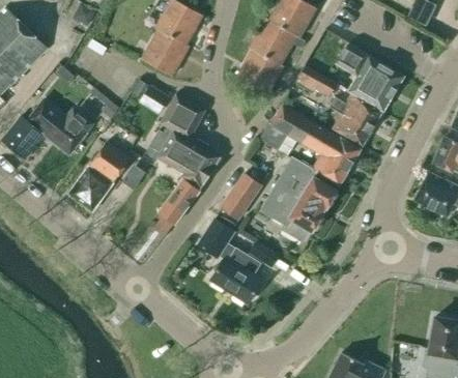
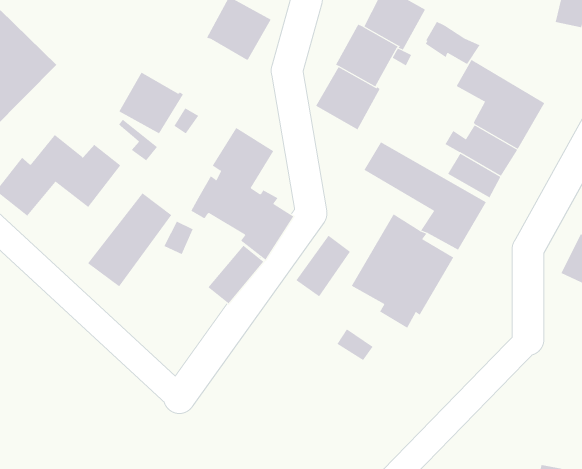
building: [142,30,190,76] -> [118,72,184,134]
building: [297,64,338,96] -> [425,21,480,65]
building: [197,219,262,302] -> none

